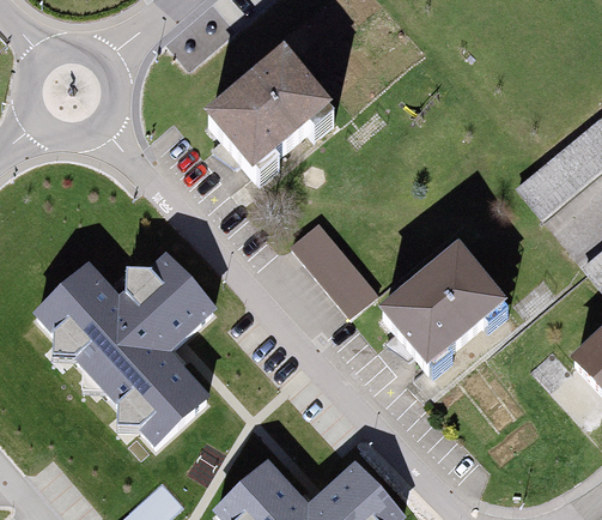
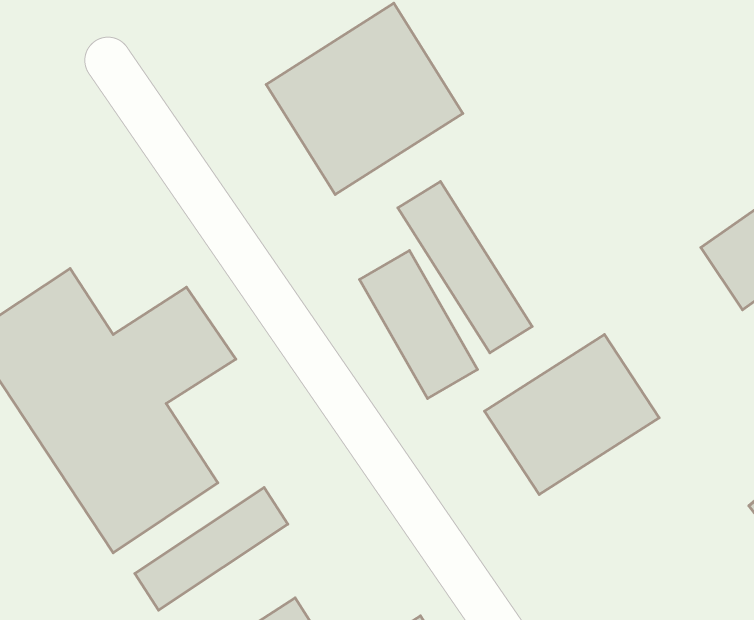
building: none -> [398,181,532,353]
building: none -> [135,488,288,610]

